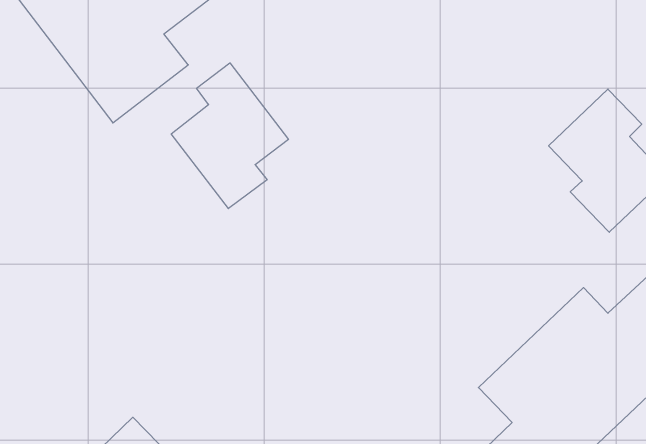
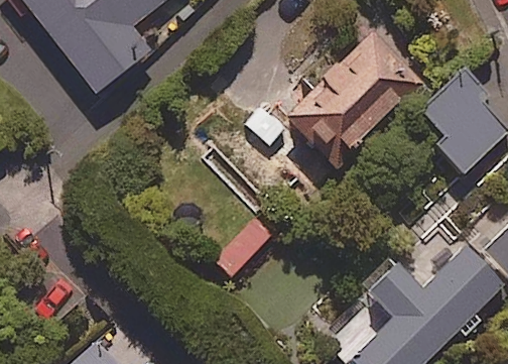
building: none -> [280,31,421,151]
building: [171,63,288,209] -> none

